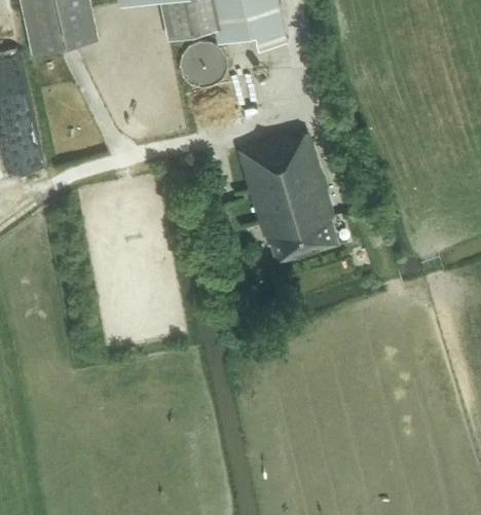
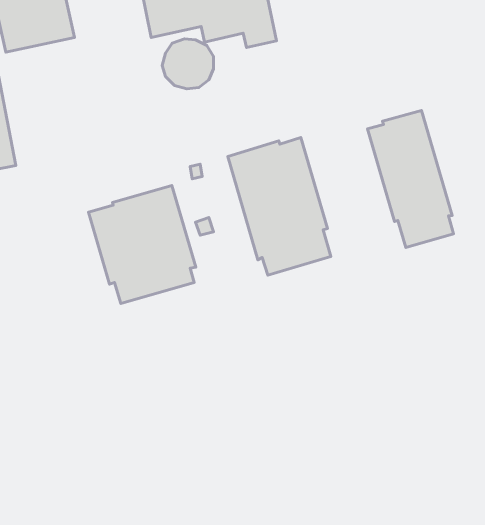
building: none -> [367,110,454,248]
building: none -> [88,186,196,304]

